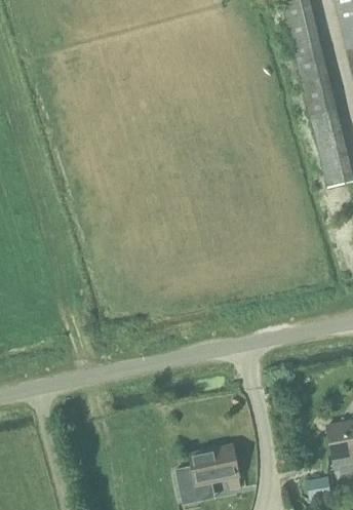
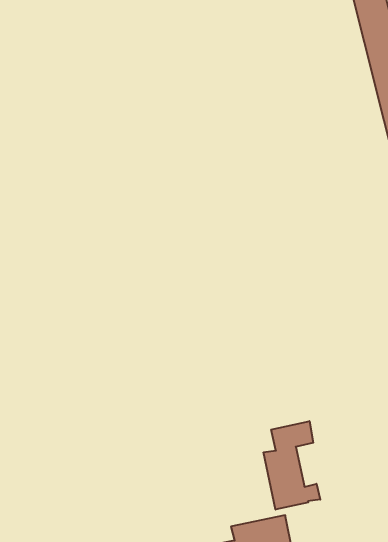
building: none -> [264,421,320,510]

